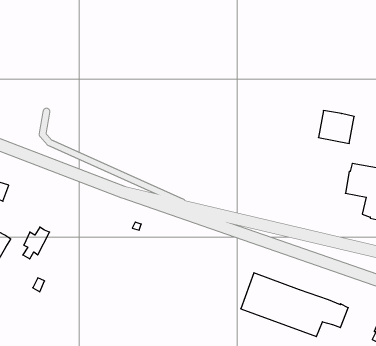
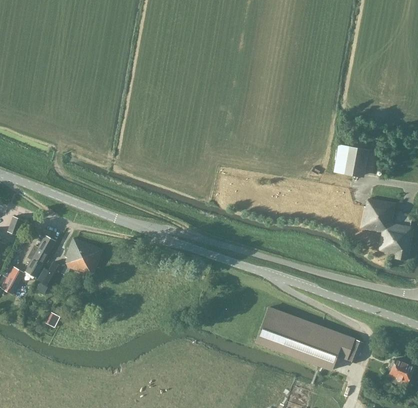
building: none -> [25,234,54,276]
building: none -> [64,237,101,276]

